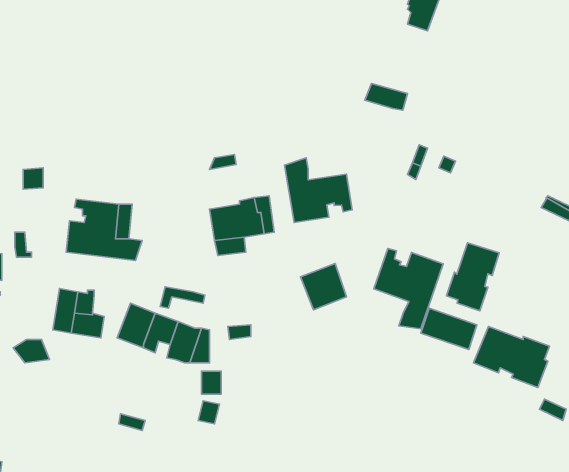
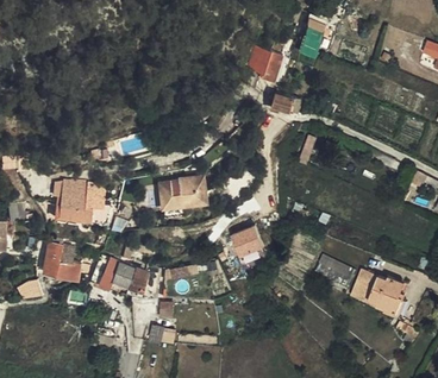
building: none -> [250,48,284,82]
building: [284,158,352,223] -> none
building: [446,243,499,311] -> none
building: [374,249,443,329] -> none

